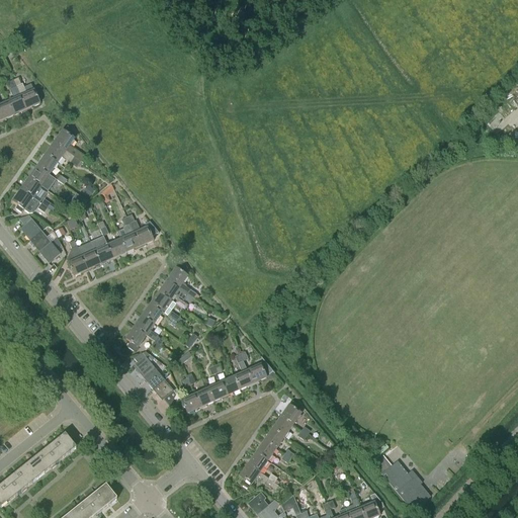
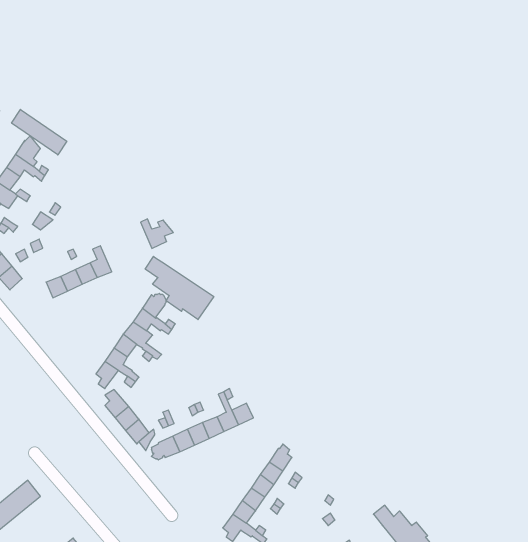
building: none -> [12,109,67,155]
building: [130,220,159,246] -> [141,219,173,248]
building: none -> [145,256,214,320]
building: [67,239,87,275] -> none

